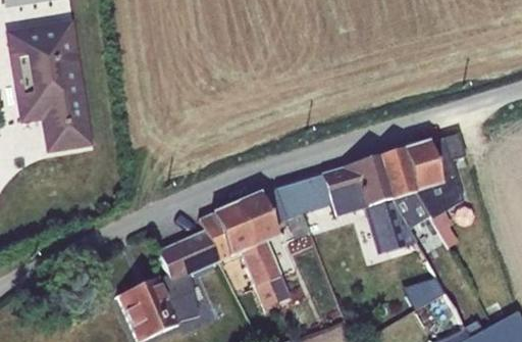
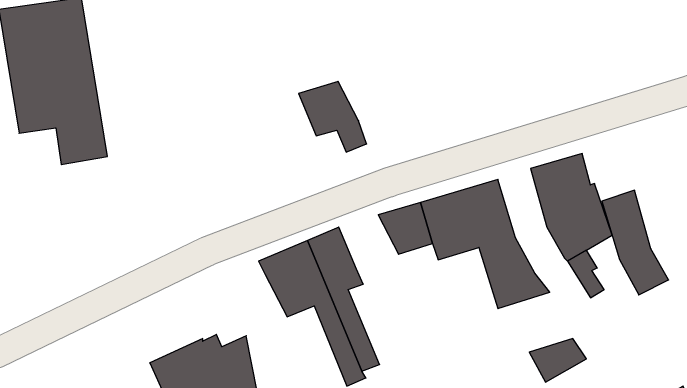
building: [379,148,429,227] -> [602,190,669,295]
building: [260,183,311,236] -> [299,81,367,152]
building: [159,228,221,282] -> none

